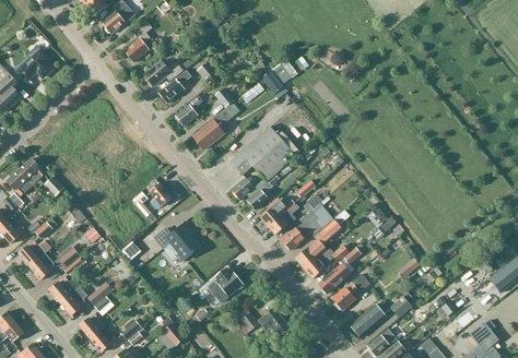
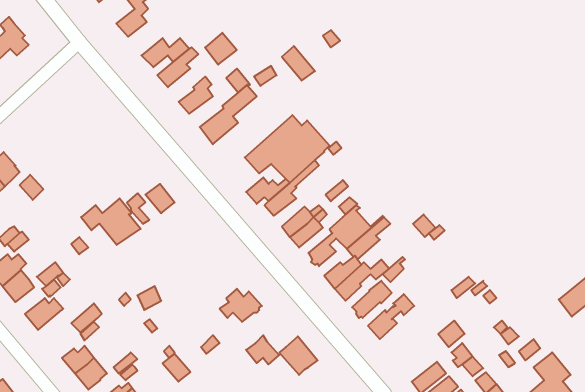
building: [153,223,202,261] -> [81,198,141,245]
building: [59,287,86,317] -> none
building: [350,300,389,337] -> none

